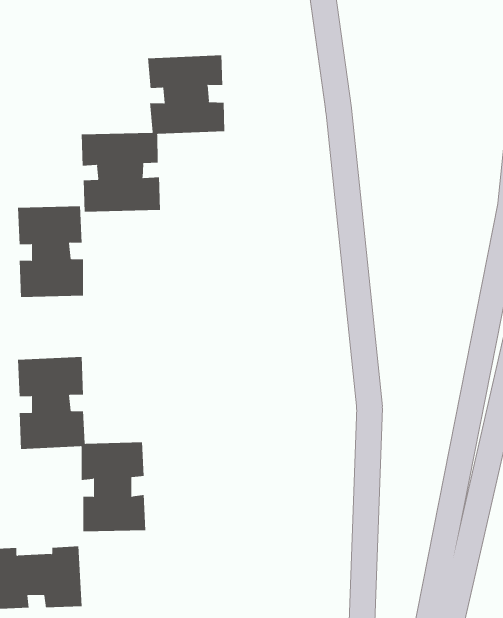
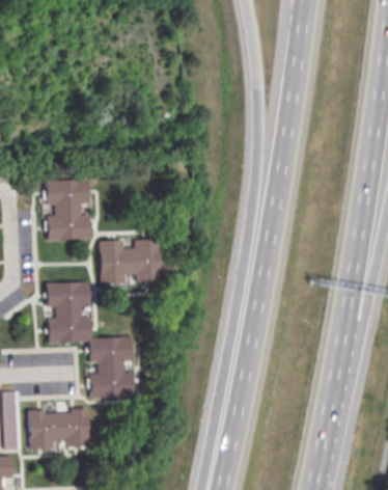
building: [81,55,225,212] -> none
building: none -> [99,238,162,283]

